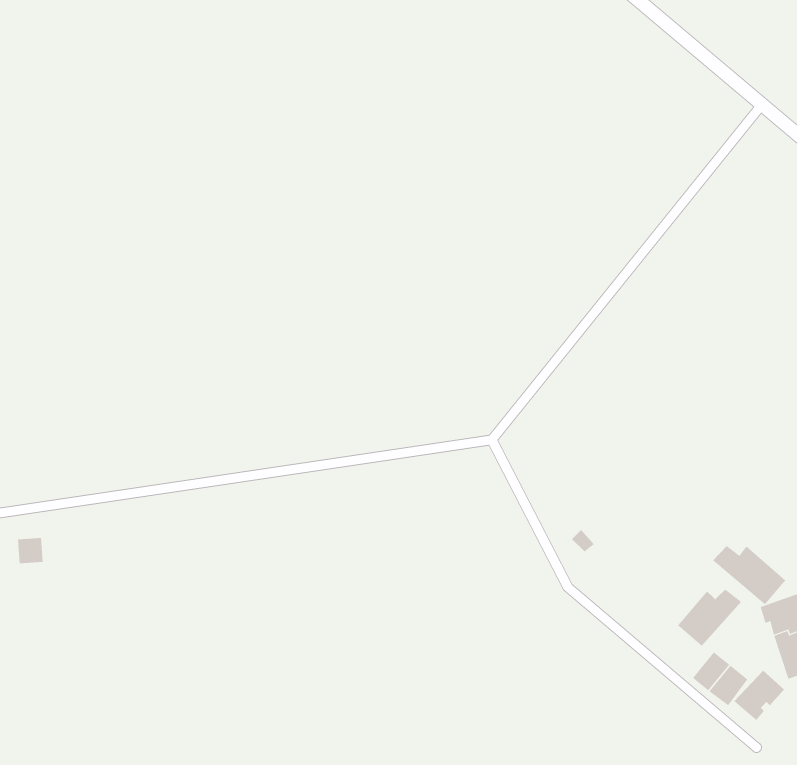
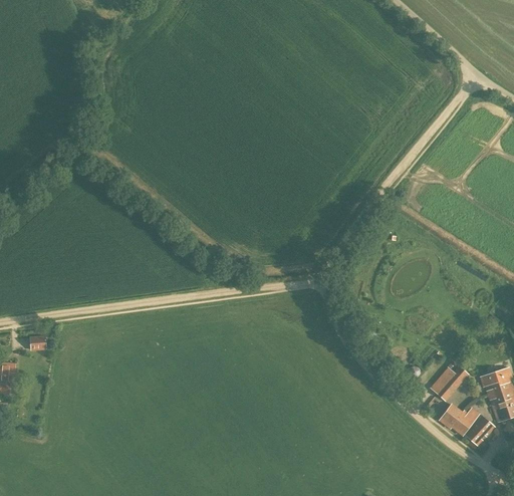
building: [712,545,786,605] -> none

